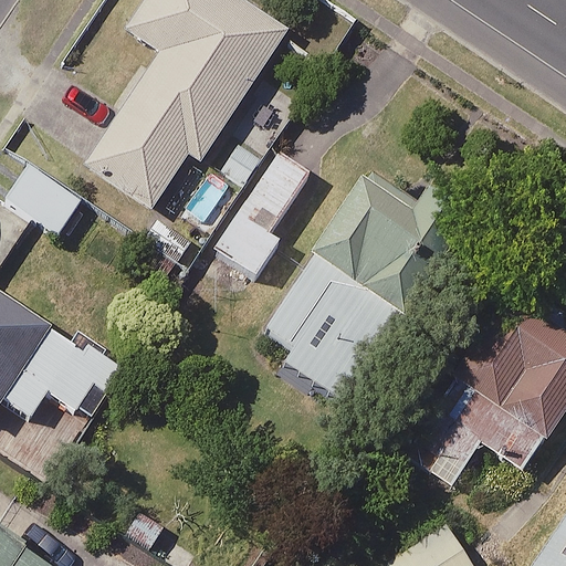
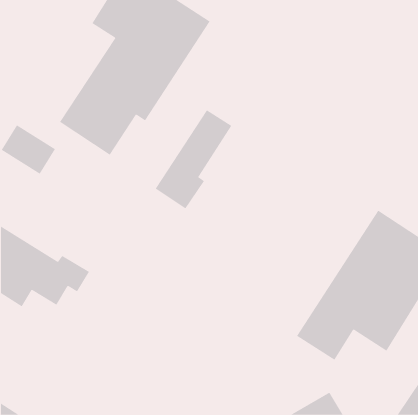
building: [275,170,459,405] -> none

